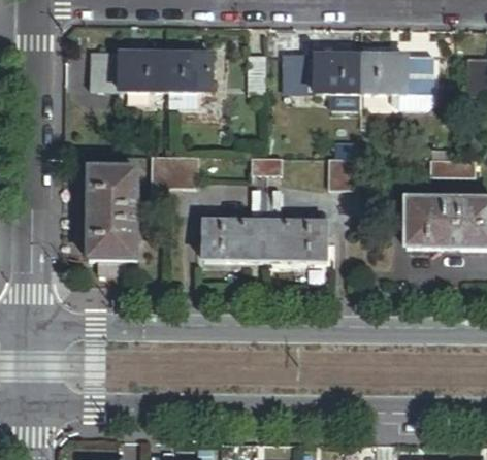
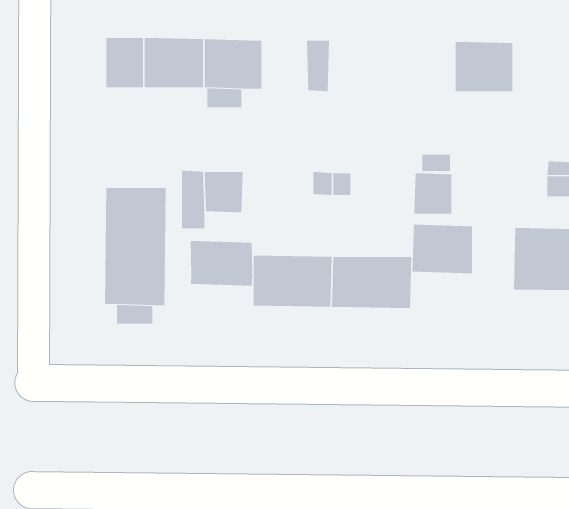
building: [283,44,360,109] -> none
building: [391,55,432,108] -> none
building: none -> [412,224,473,274]
building: none -> [190,240,253,287]

